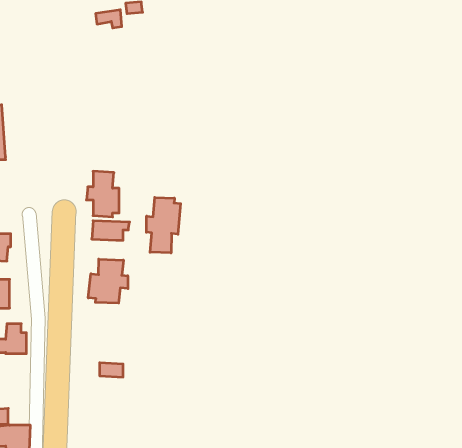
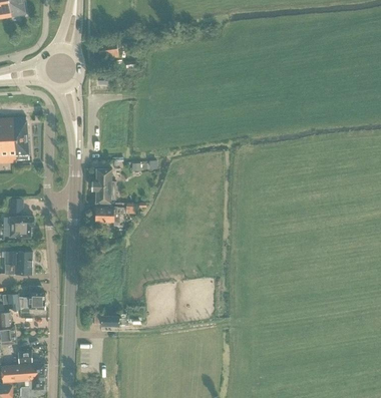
building: [146,197,181,253] -> none
building: [88,259,128,303] -> none

